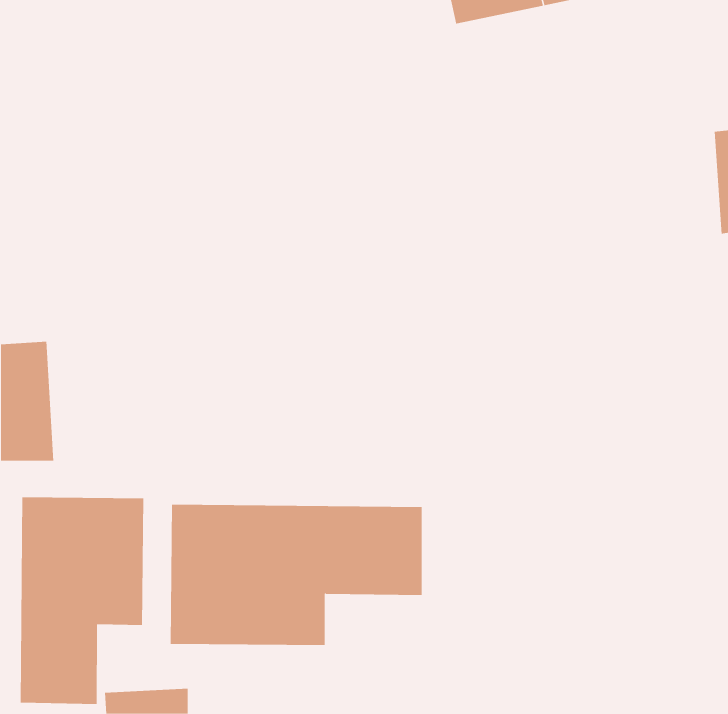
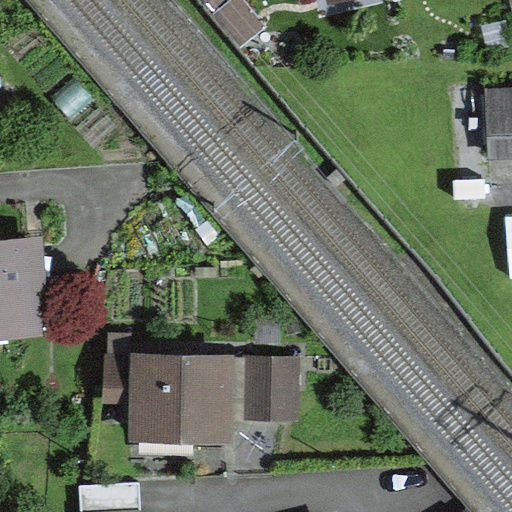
building: [20,496,144,705] -> none

